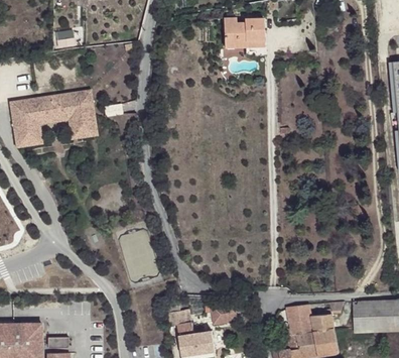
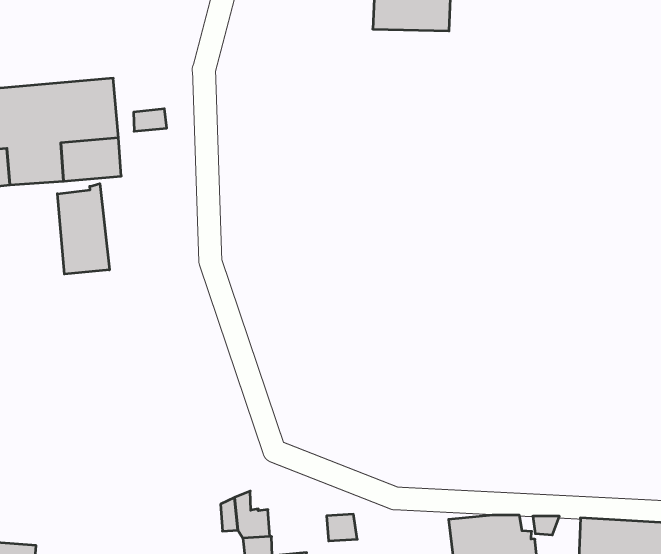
building: none -> [57,184,109,274]

